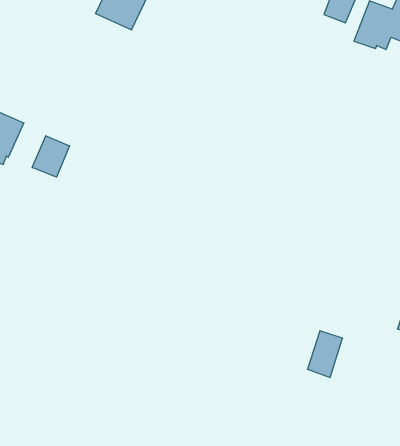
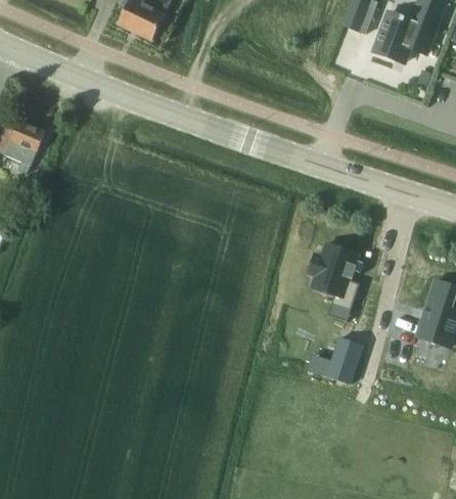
building: [32,136,70,177] -> none
building: none -> [308,243,359,310]

